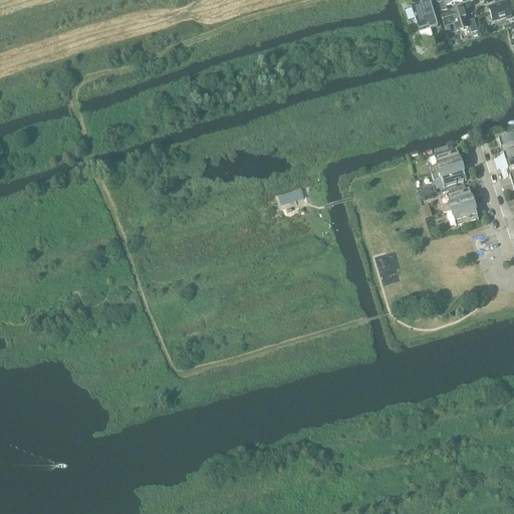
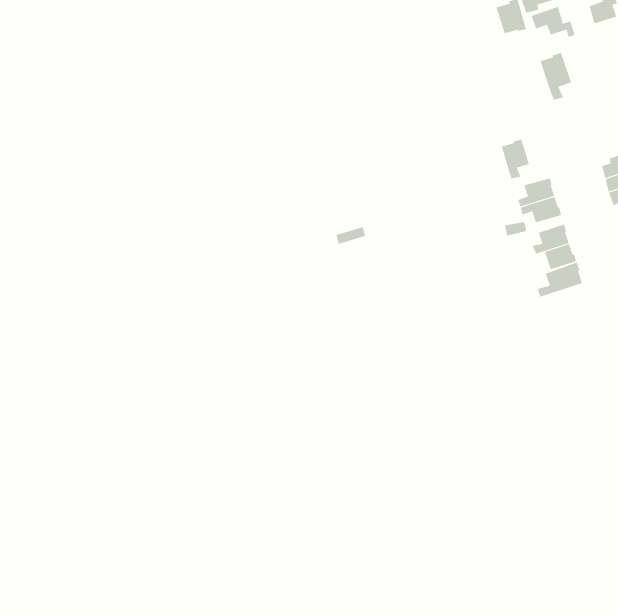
building: none -> [540,52,572,100]
building: none -> [501,139,530,179]
building: none -> [537,261,583,298]

